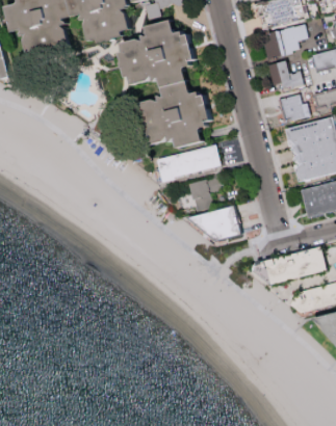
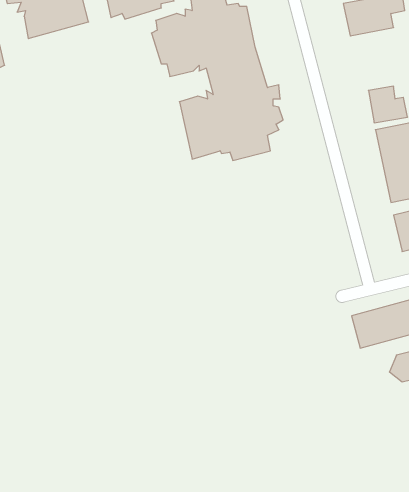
building: [266,60,301,88] -> none
building: [153,145,218,180] -> none
building: [187,174,224,211] -> none
building: [190,209,243,245] -> none

